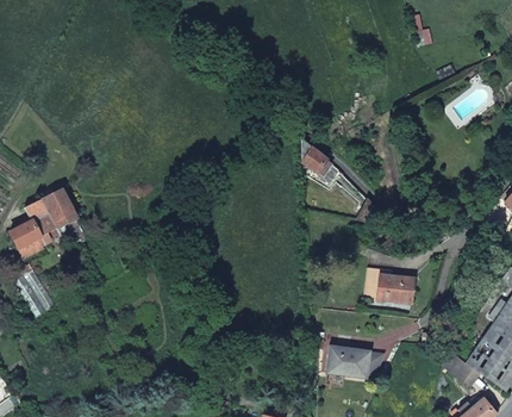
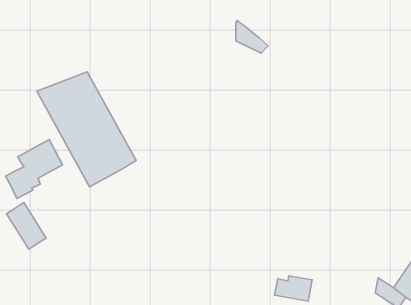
building: none -> [37,72,136,187]
building: [304,141,342,179] -> [236,20,268,53]
building: [376,272,414,300] -> none

